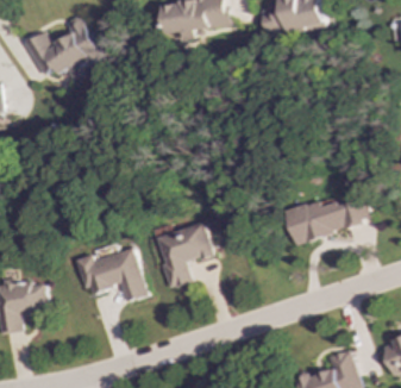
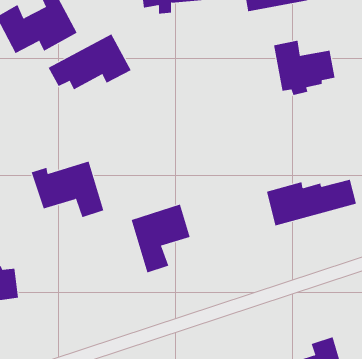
building: none -> [48,34,132,90]
building: none -> [273,40,335,96]
building: [76,248,146,302] -> [31,161,104,218]

